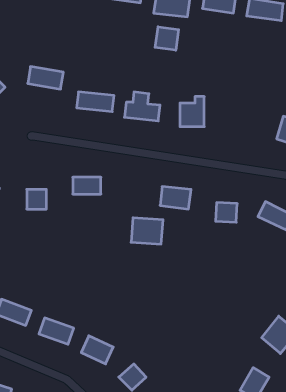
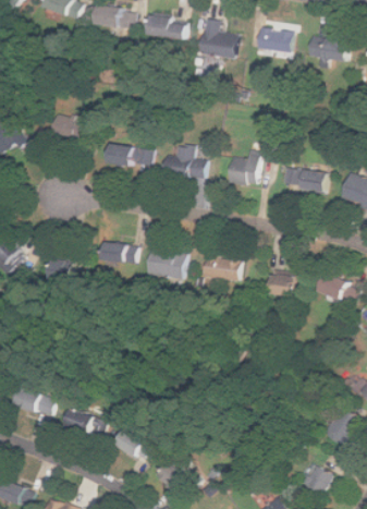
building: [155,27,179,50] -> none
building: none -> [281,167,326,191]
building: [131,218,163,244] -> [147,246,184,277]

